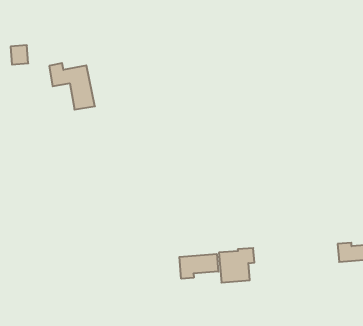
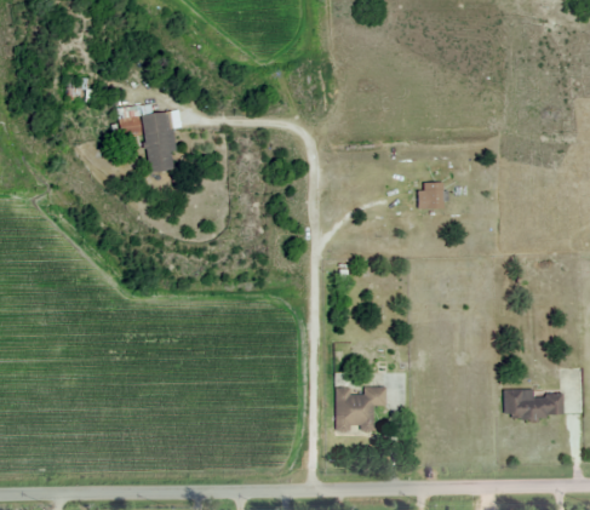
building: none -> [422,182,448,208]
building: [179,254,218,279] -> none

